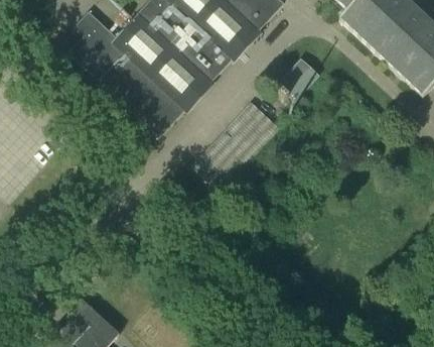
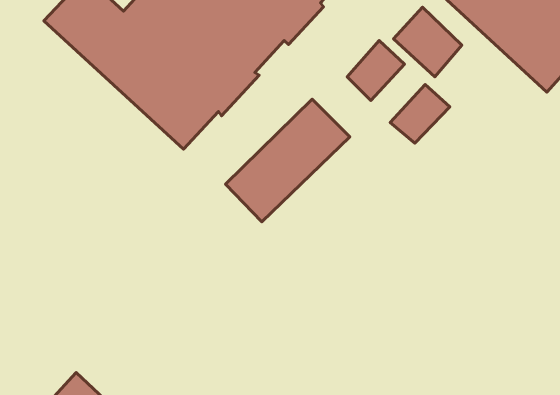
building: none -> [394,7,462,77]
building: none -> [390,85,450,143]

